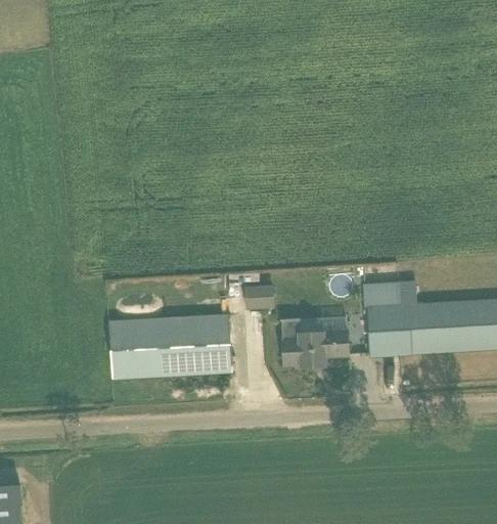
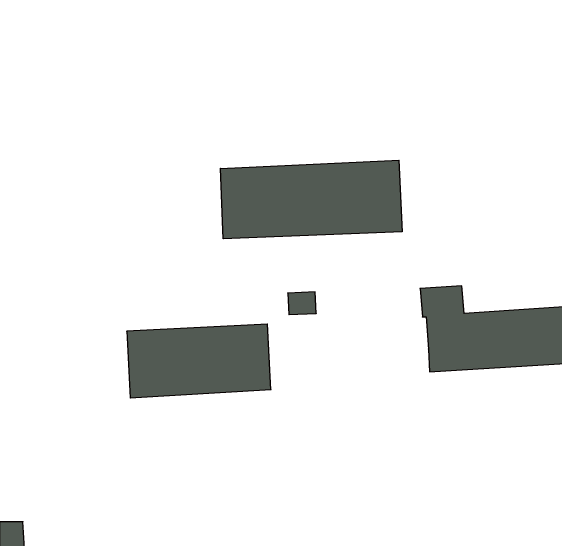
building: none -> [220,160,402,239]
building: [282,319,349,367] -> none

